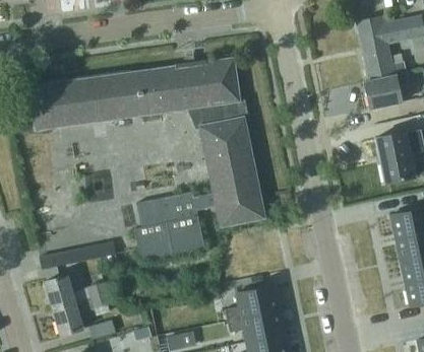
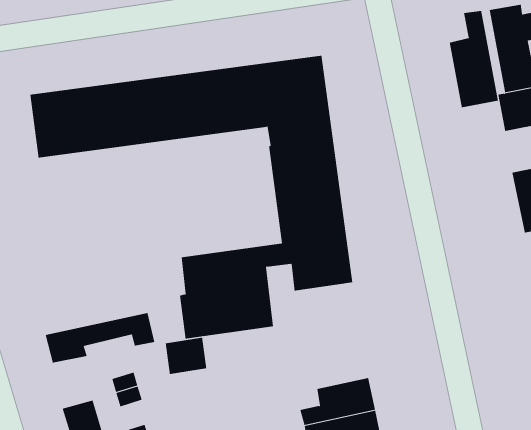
building: none -> [449,10,499,108]
building: none -> [165,337,207,375]
building: [44,275,74,308] -> none

